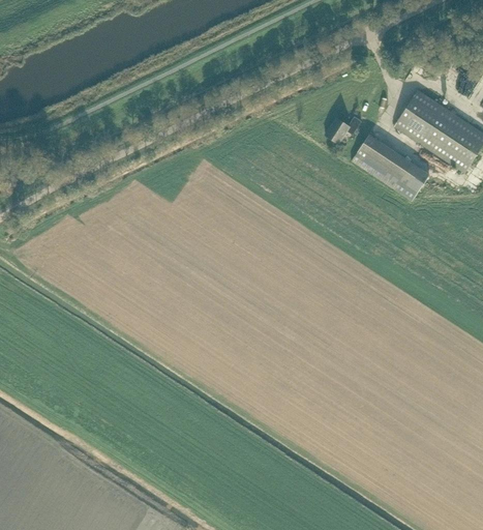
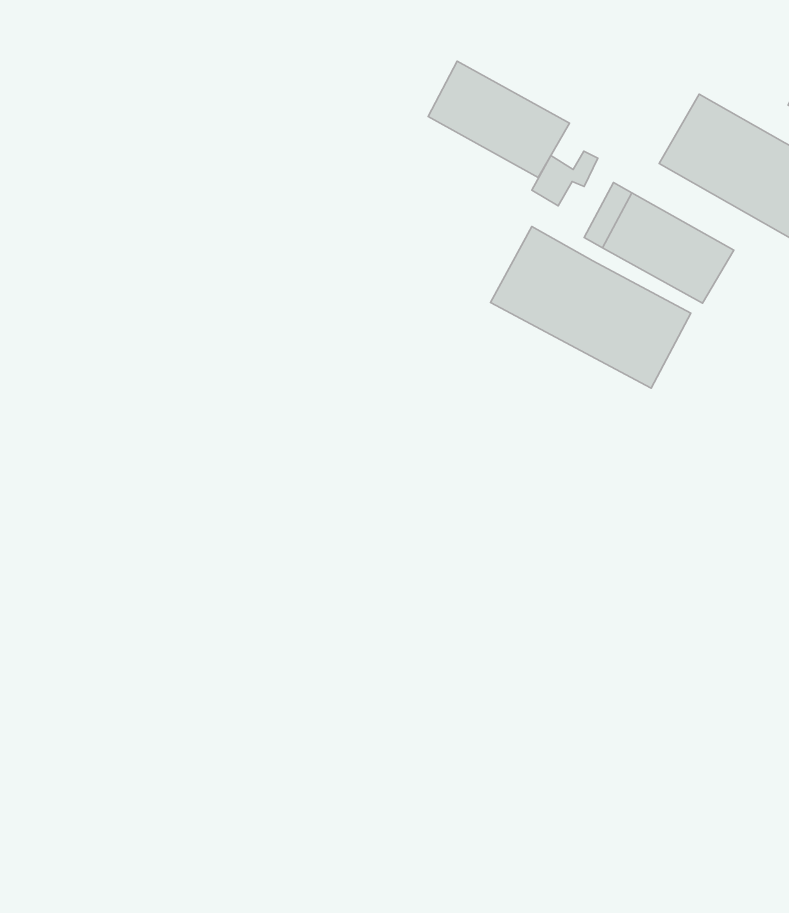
building: none -> [428,61,570,177]
building: none -> [491,226,691,388]

